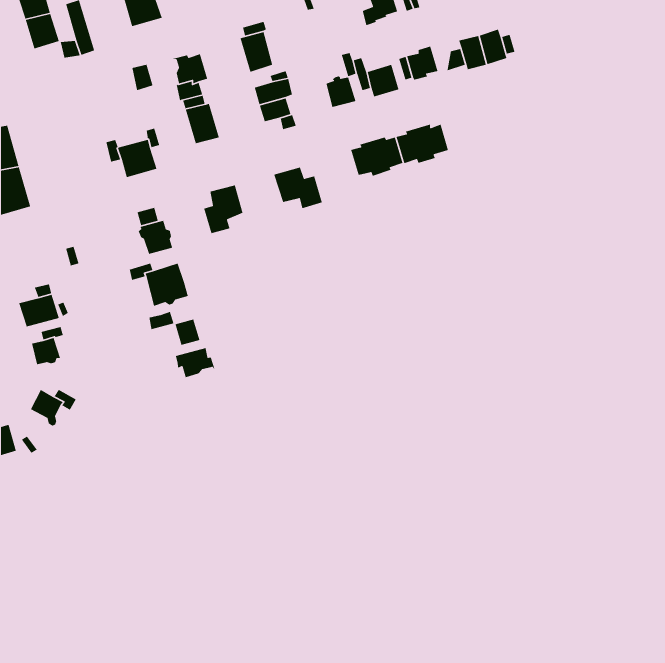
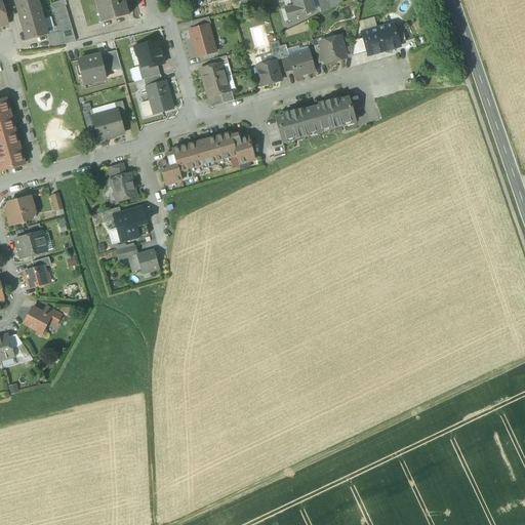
building: none -> [78,54,106,84]
building: none -> [186,137,223,168]
building: none -> [5,196,35,226]
building: [175,347,215,379] -> none

